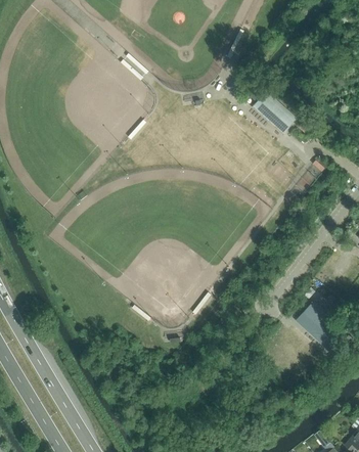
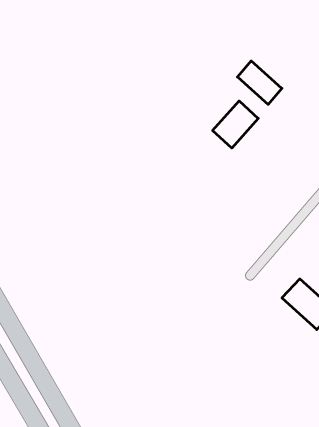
building: none -> [213,101,258,148]

